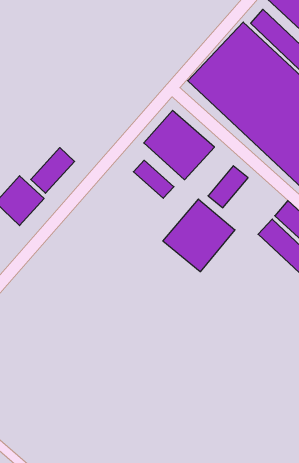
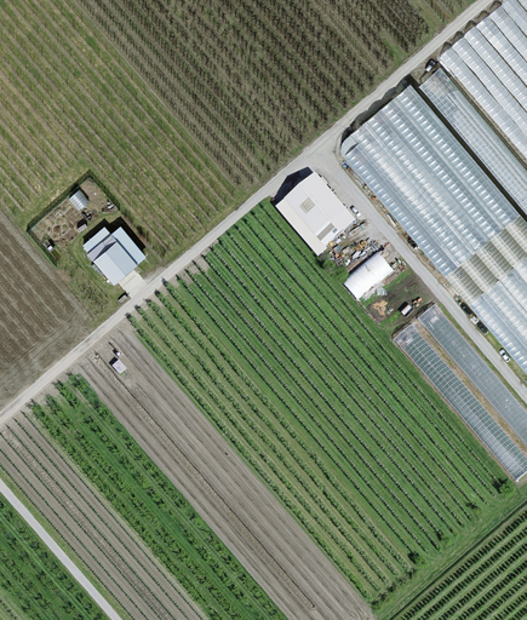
building: [31,148,75,193] -> none
building: [133,160,174,198] -> none
building: [163,199,235,272] -> none

